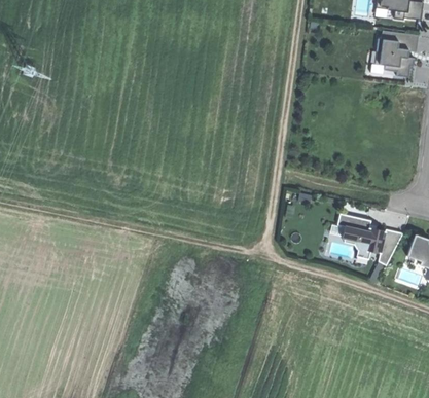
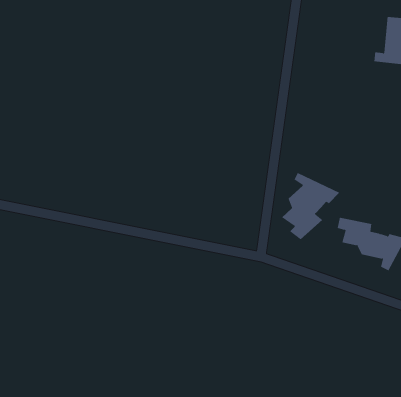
building: none -> [281,172,340,240]

